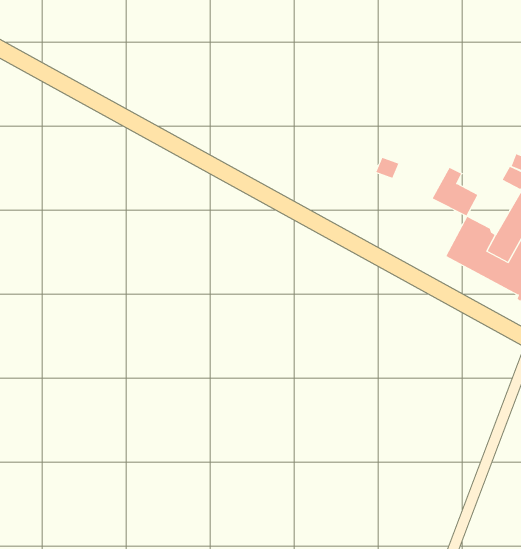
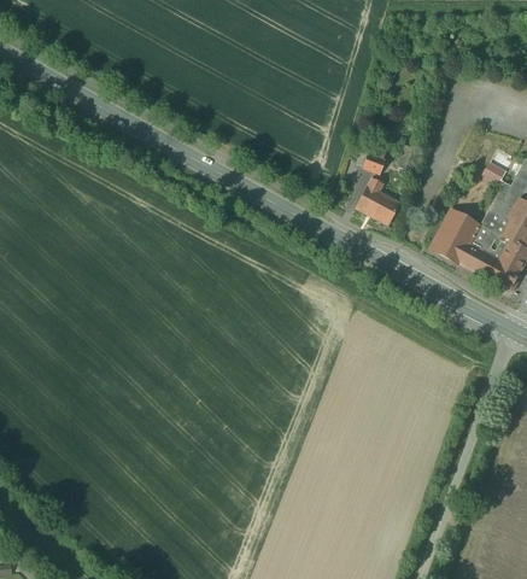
building: [432,167,478,216] -> [356,176,400,223]

